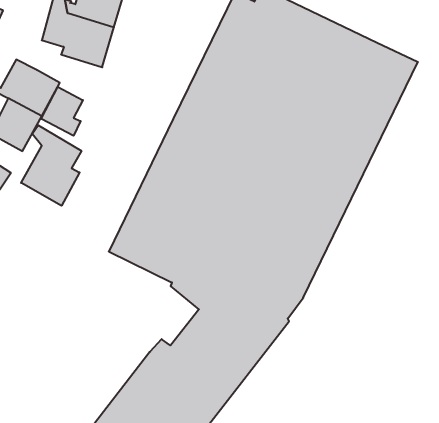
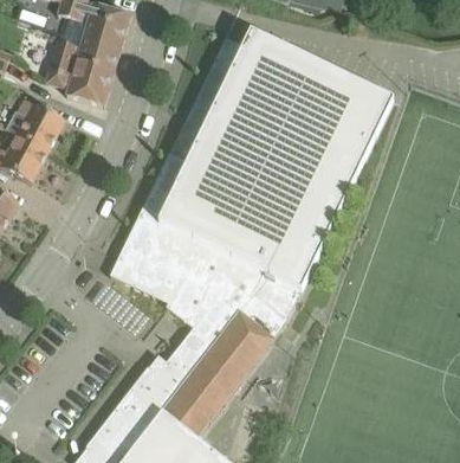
building: [41,87,83,136] -> none
building: [21,125,81,206] -> none

